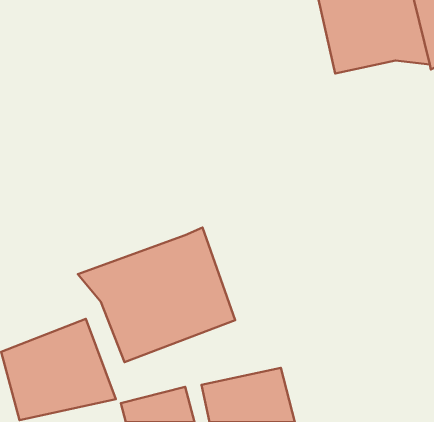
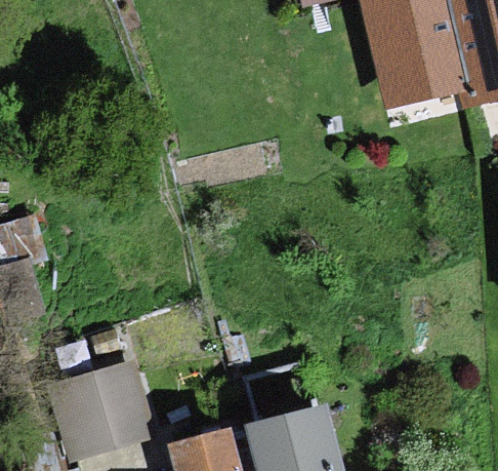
building: [78,227,235,362] -> none

